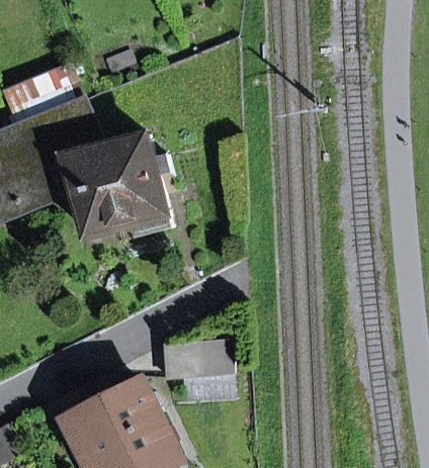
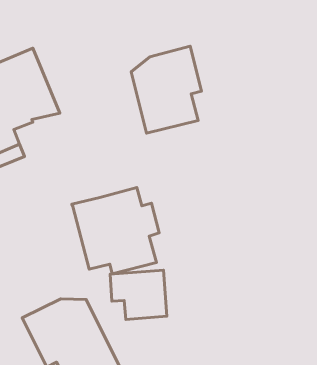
building: none -> [131,46,202,133]
building: [65,138,172,245] -> [72,188,159,274]

